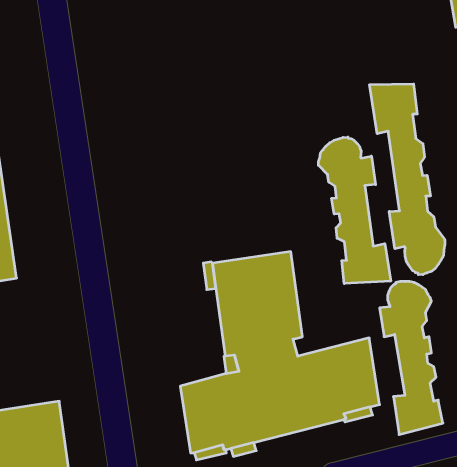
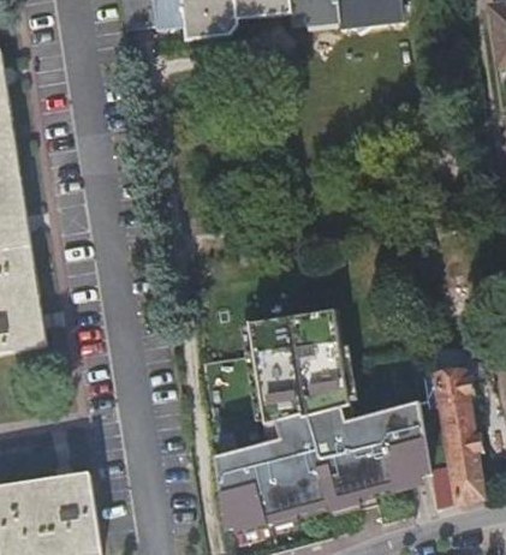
building: [370,84,445,275] -> none
building: [318,137,391,284] -> none

